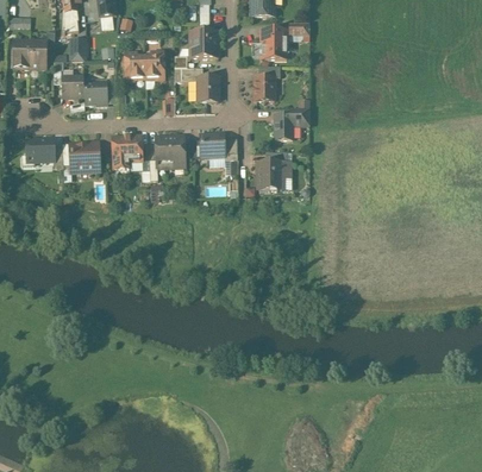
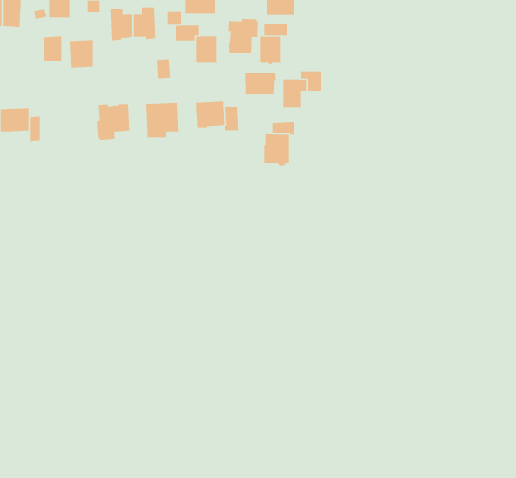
building: none -> [228,18,258,54]
building: none -> [245,72,276,95]
building: [68,143,98,171] -> none

